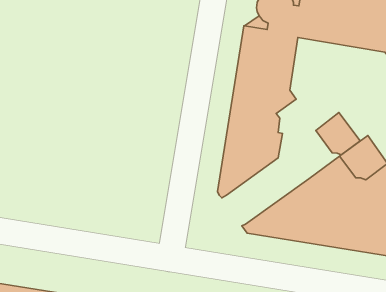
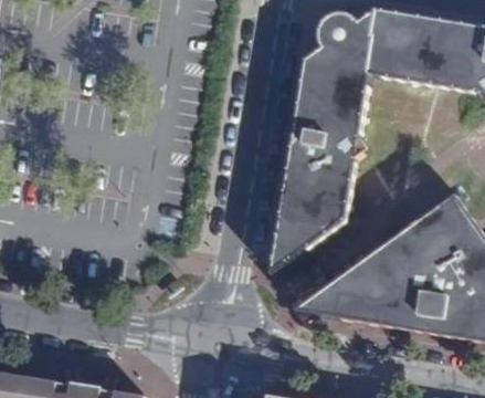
building: [316,112,360,155] -> none

